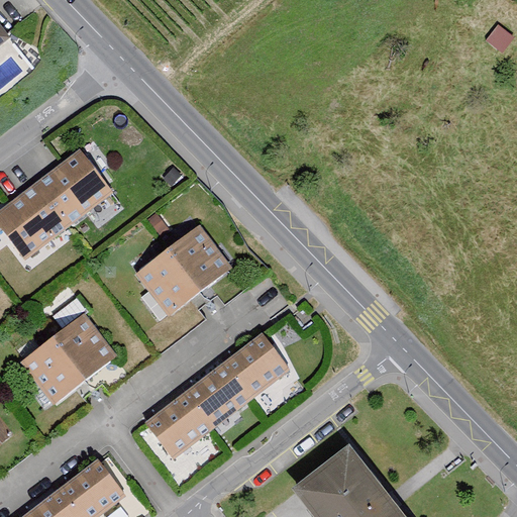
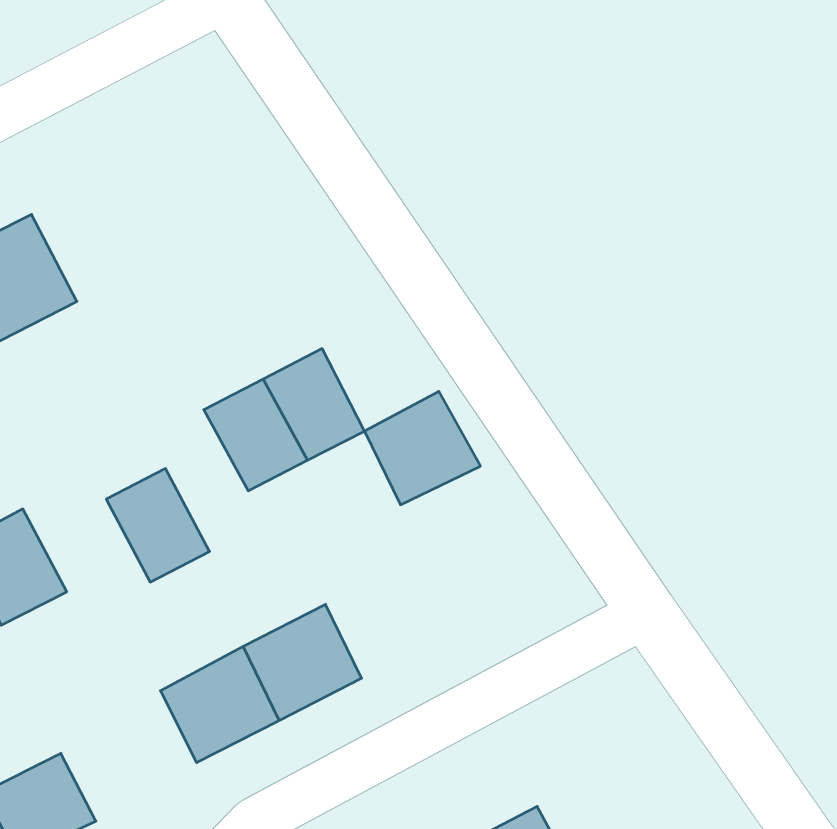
building: [35,153,108,225] -> none
building: [57,317,115,378] -> [106,469,210,582]
building: [223,334,287,397] -> [364,391,480,505]

